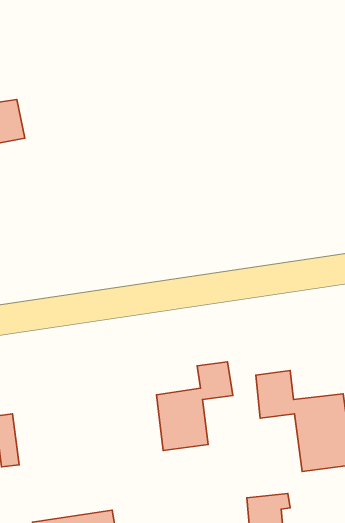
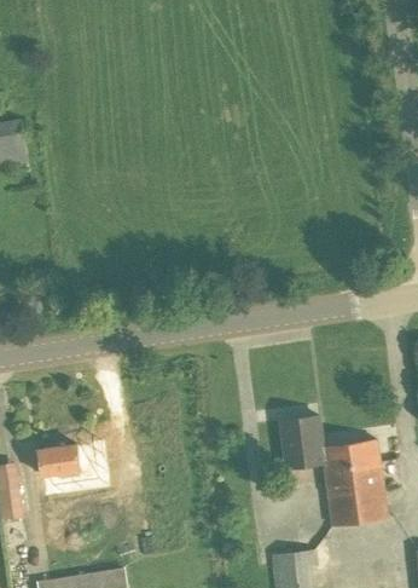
building: [156,362,233,450] -> none
building: none -> [36,445,98,482]

